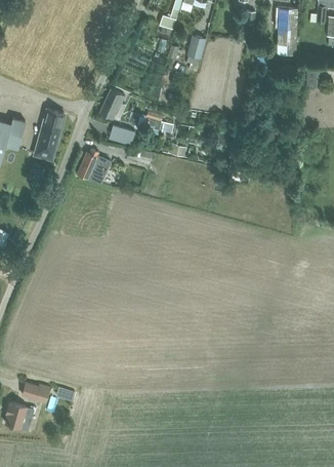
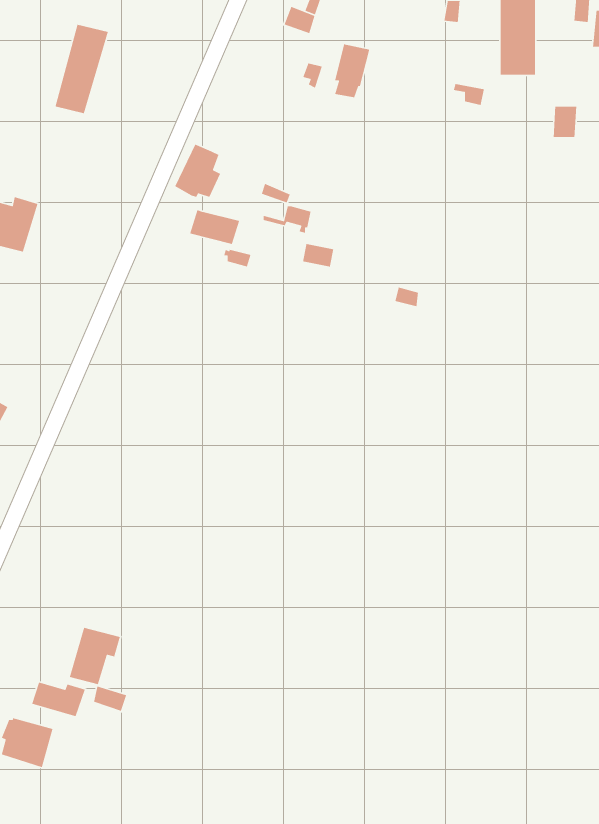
building: [35,110,65,159] -> [54,24,109,114]
building: [77,149,112,185] -> none
building: none -> [69,627,121,685]

